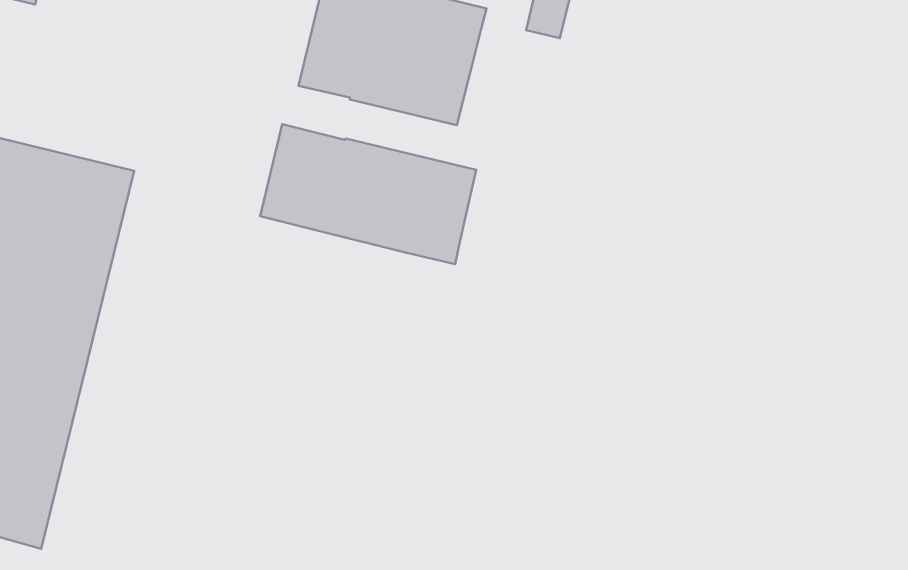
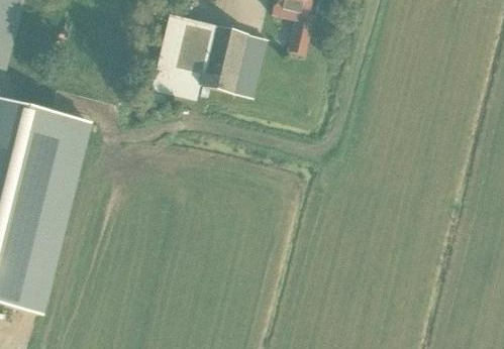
building: [260,124,476,264] -> none

